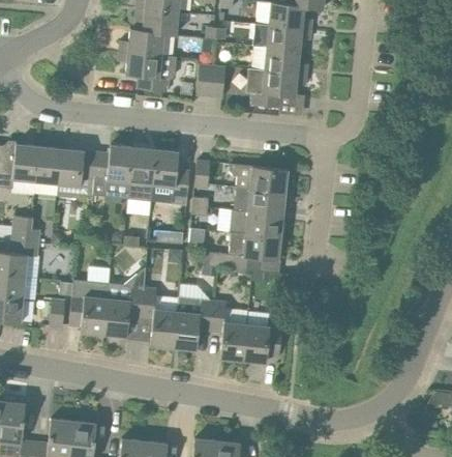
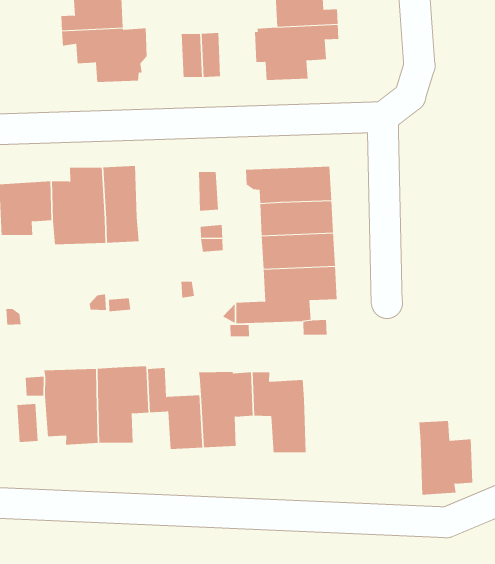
building: [152,150,190,198] -> none
building: [243,312,282,364] -> [419,421,473,495]

